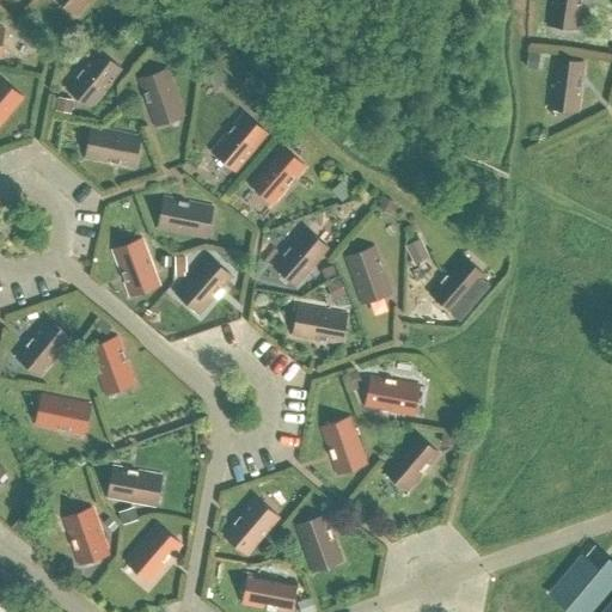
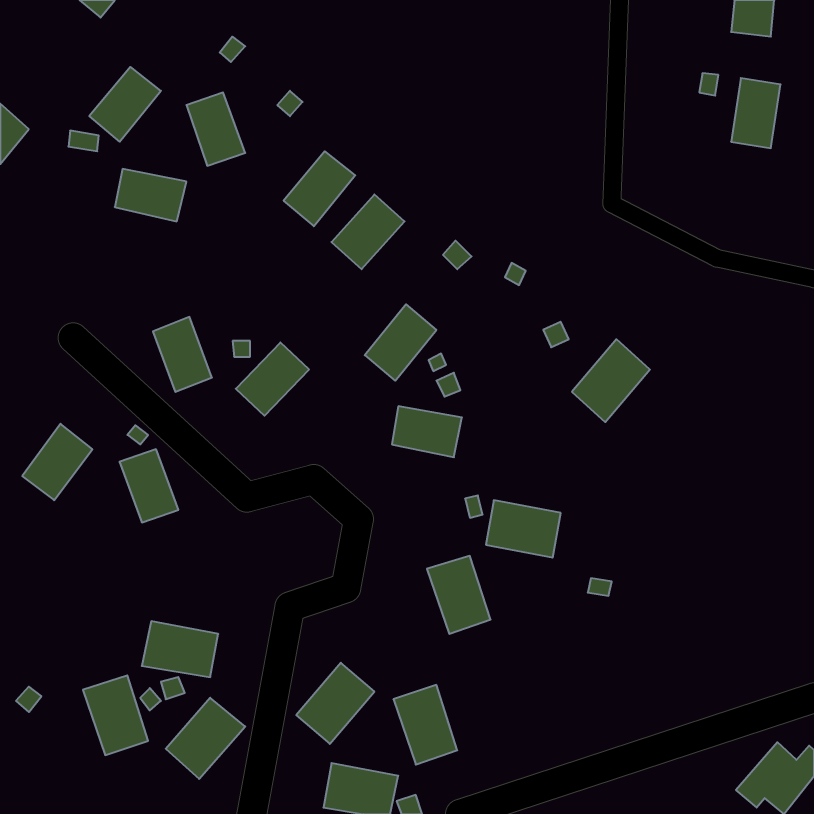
building: [159,197,213,237] -> none
building: [347,247,392,304] -> none
building: [37,394,90,433] -> none
building: [384,433,441,494] -> none

